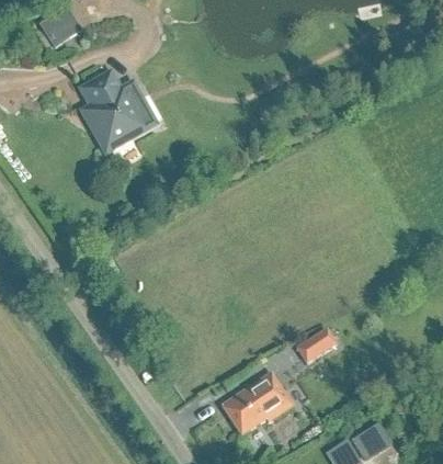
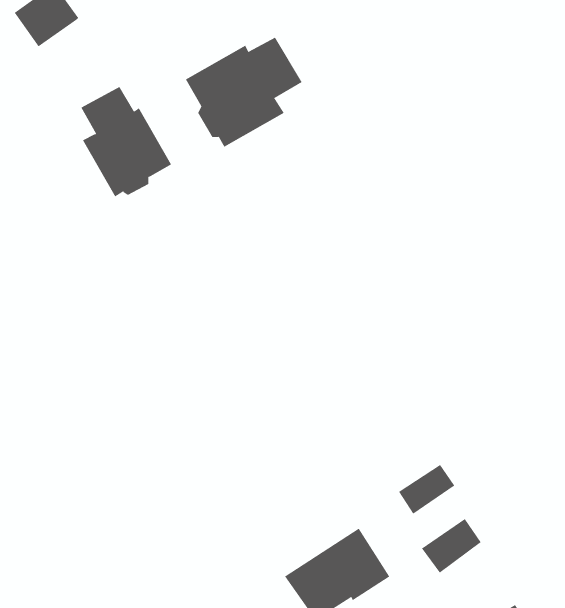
building: none -> [185,37,303,148]
building: none -> [421,518,482,573]

